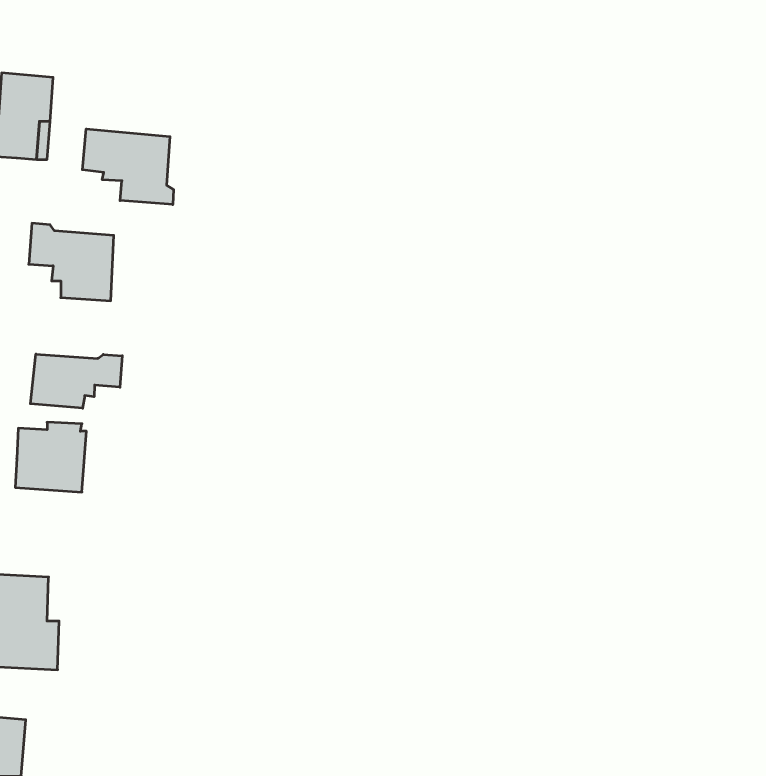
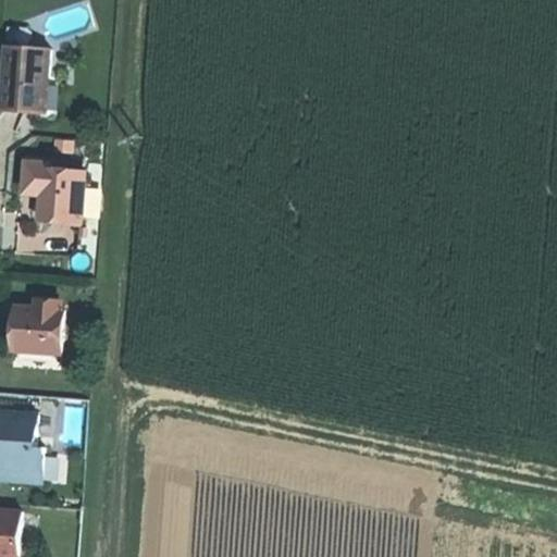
building: [82,129,174,205] -> none
building: [30,354,122,408] -> none

